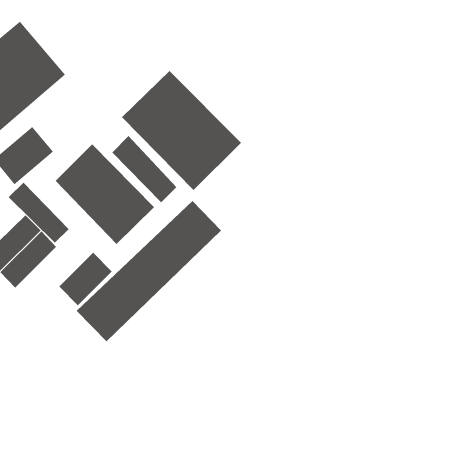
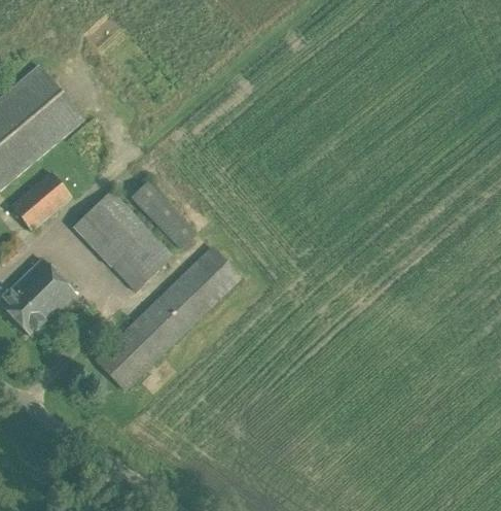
building: [121,70,242,191] -> none
building: [8,182,70,243] -> none
building: [59,252,112,306] -> none

